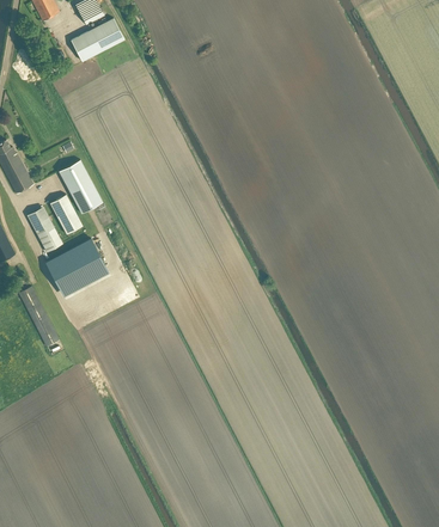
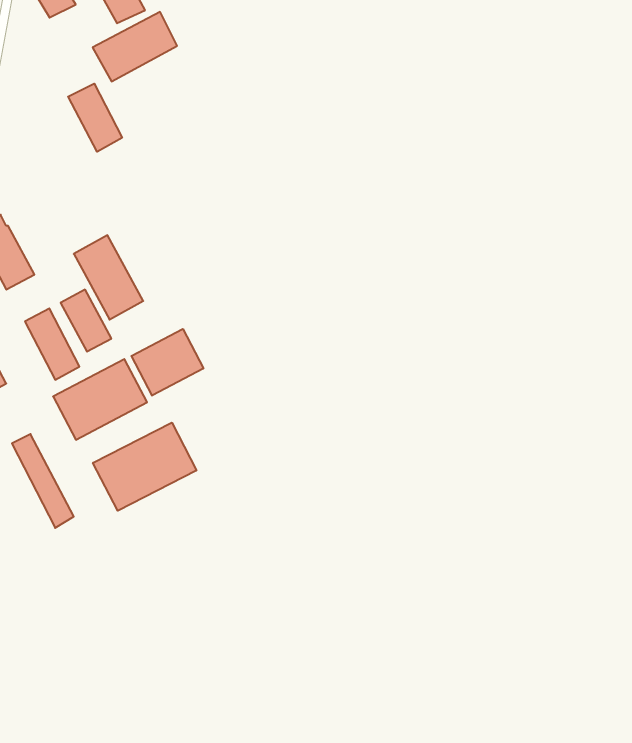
building: none -> [68,84,122,152]
building: none -> [131,329,203,396]
building: none -> [93,423,196,511]

